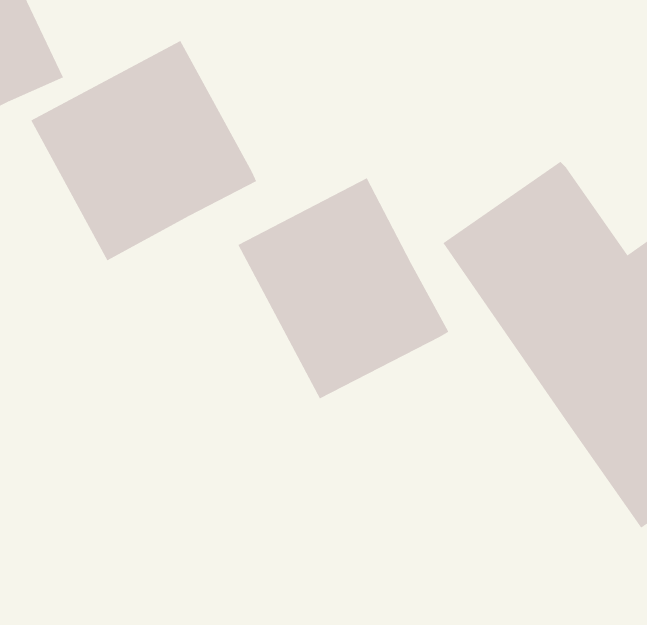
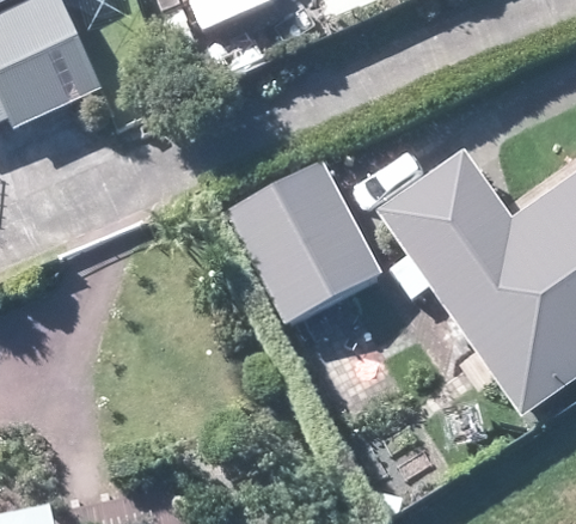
building: [30,40,257,261] -> none

